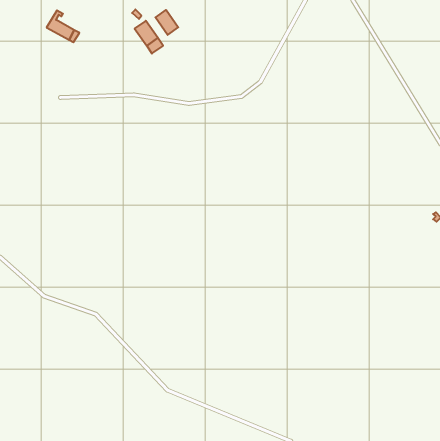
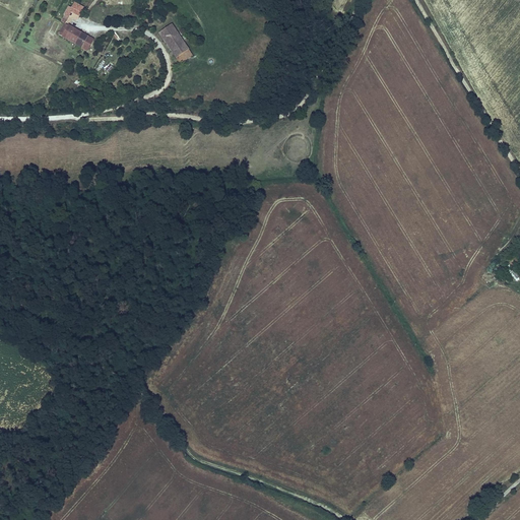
building: [155,10,178,35] -> none

